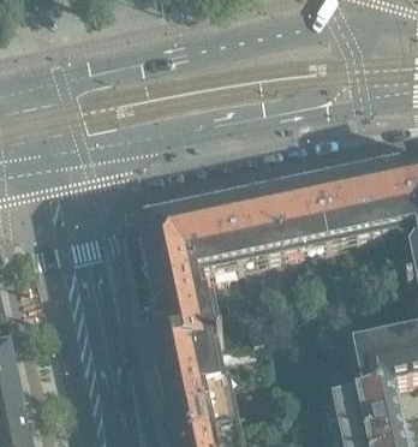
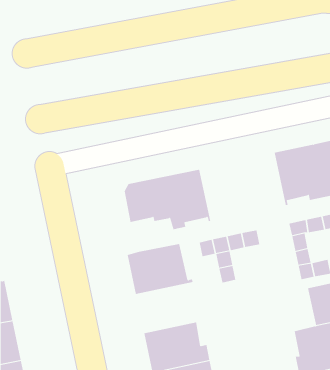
building: [232,184,330,263] -> none
building: [151,258,209,298] -> none
building: [157,333,229,392] -> none

